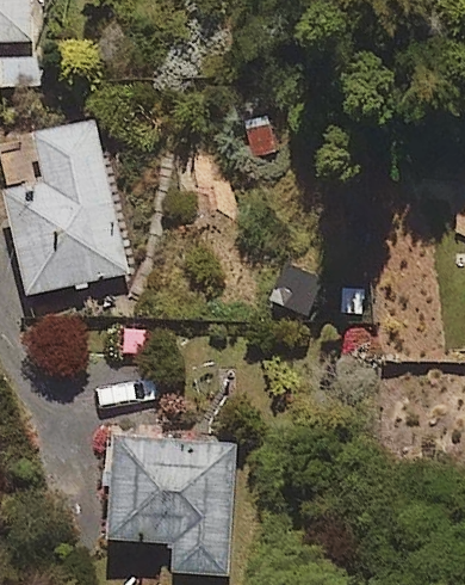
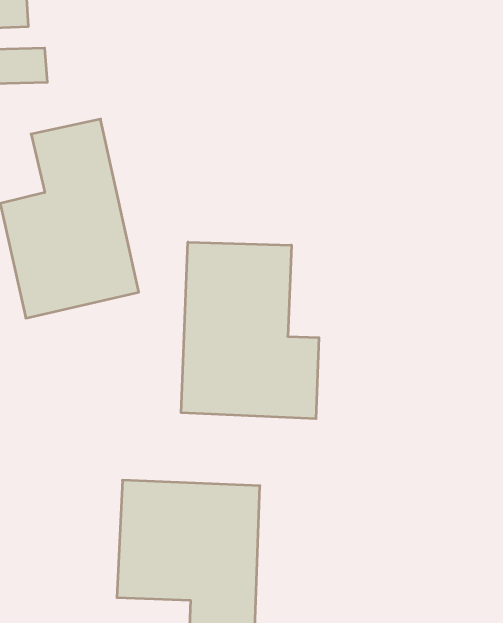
building: none -> [181,242,319,419]

